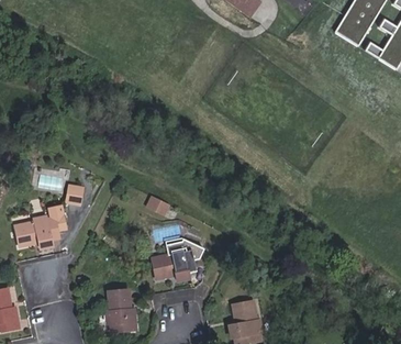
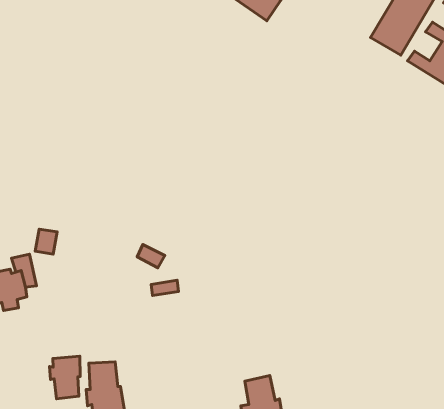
building: [153,248,197,281] -> none
building: none -> [49,356,80,399]

